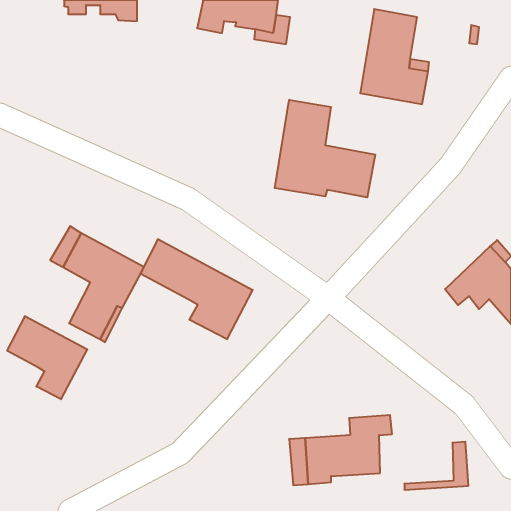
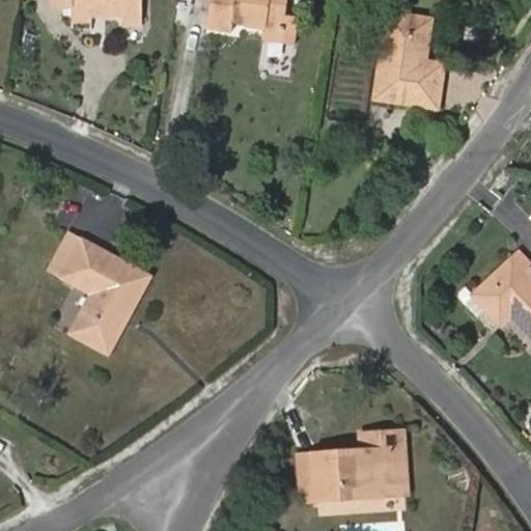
building: [275,100,375,197] -> none
building: [141,239,253,339] -> none
building: [7,316,87,399] -> none
building: [404,442,468,490] -> [343,450,410,500]

